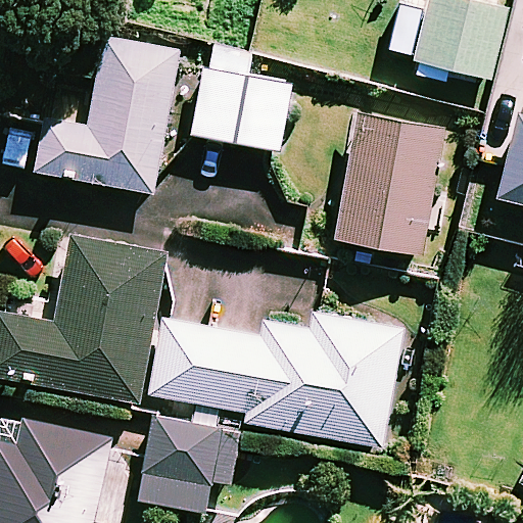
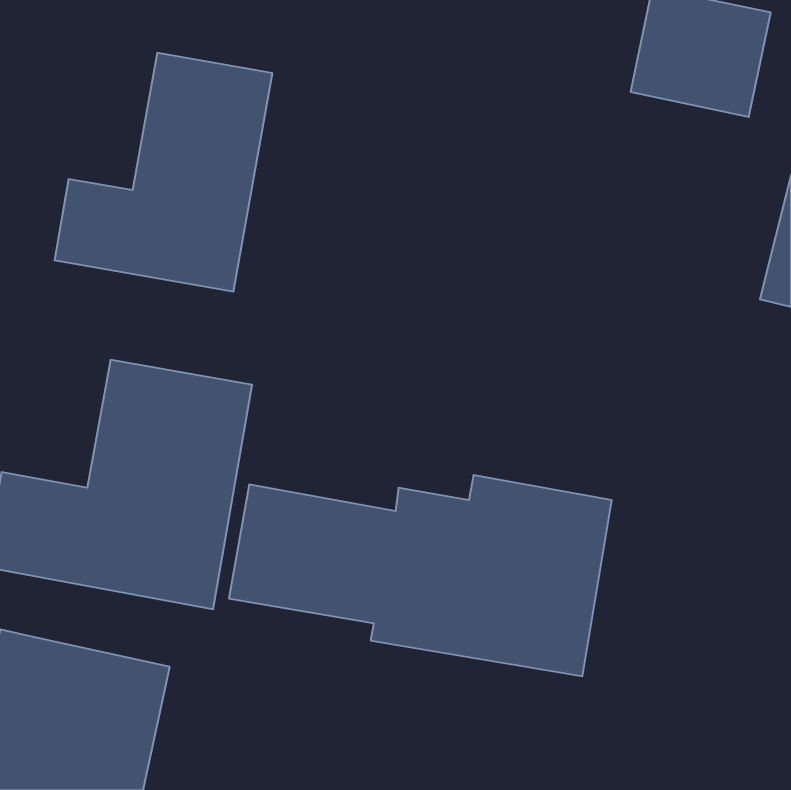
building: [192,44,292,150] -> none
building: [336,113,444,254] -> none
building: [140,417,239,510] -> none

